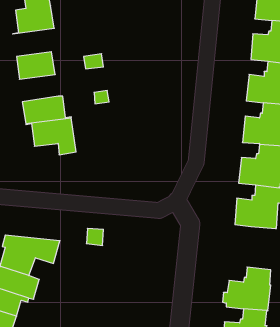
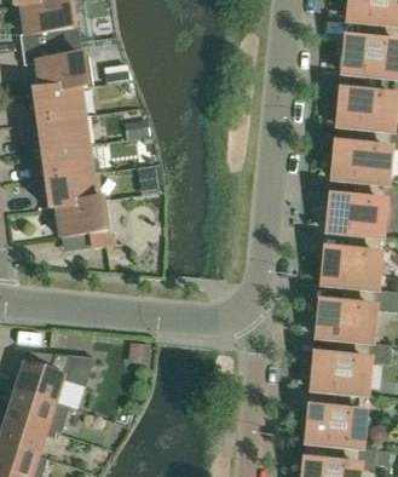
building: none -> [34,86,87,122]
building: none -> [42,145,92,180]
building: none -> [312,340,370,396]

